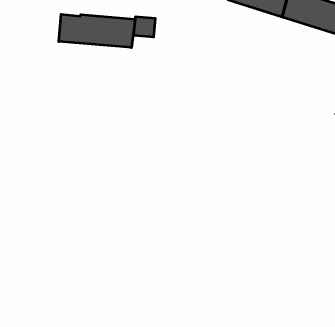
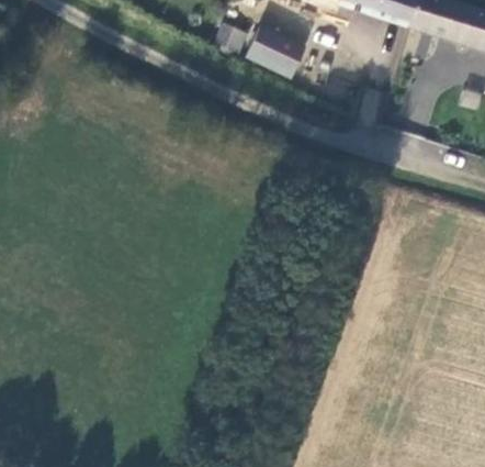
building: [59,14,135,48] -> none
building: none -> [244,25,302,76]

